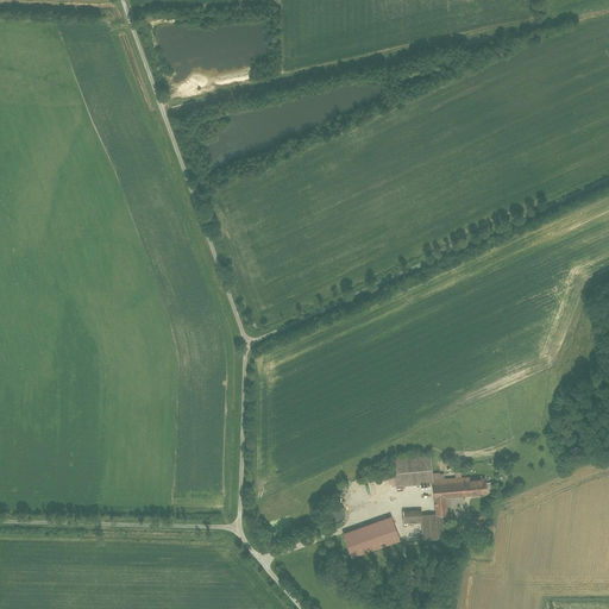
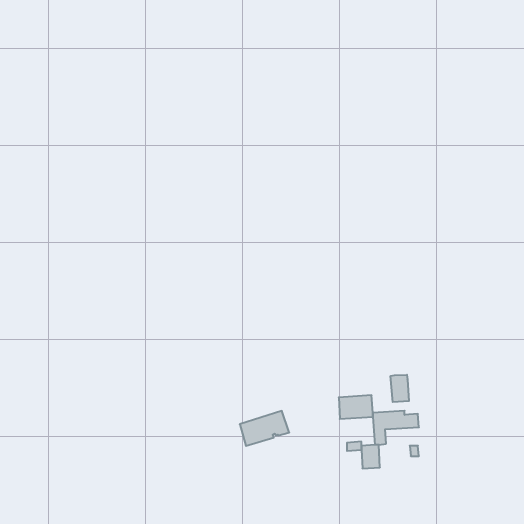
building: none -> [391,375,409,402]
building: [345,517,402,558] -> [240,411,289,446]

